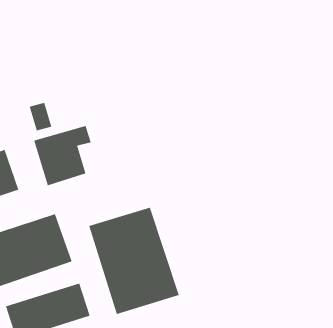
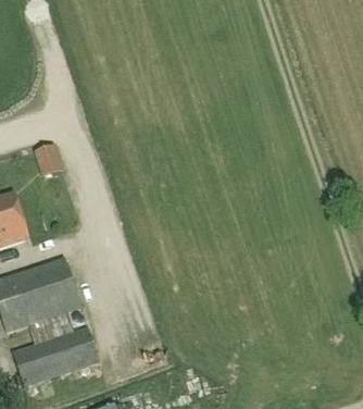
building: [34,125,92,186] -> none
building: [88,207,179,315] -> none

